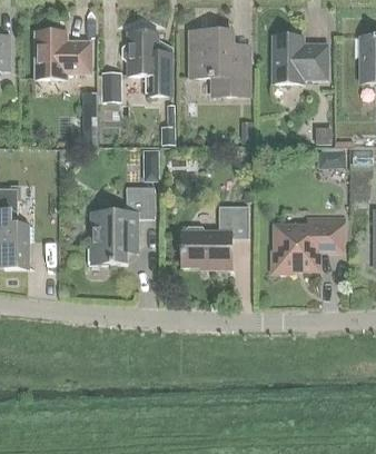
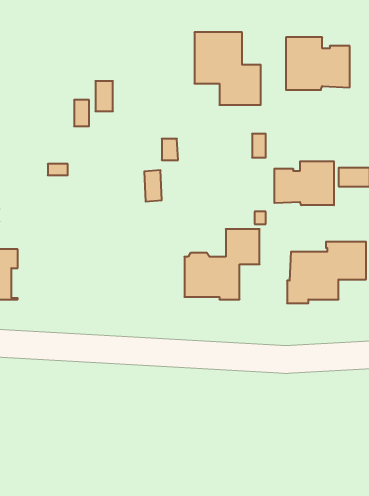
building: [34,30,91,77] -> none
building: [121,30,172,95] -> none
building: none -> [274,161,334,205]
building: [87,186,155,263] -> none

